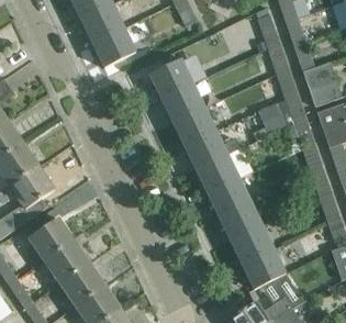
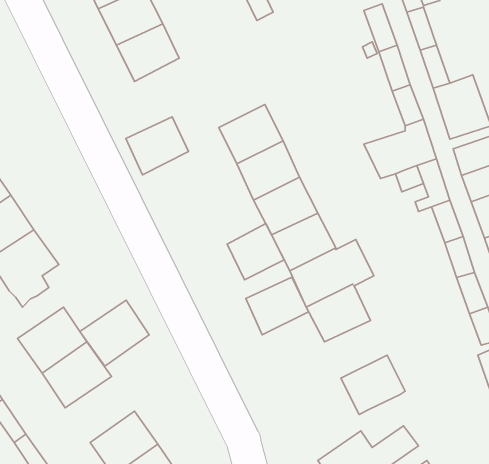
building: [149,58,191,97] -> [126,117,189,175]
building: none -> [227,224,284,280]
building: [231,225,272,264] -> [246,277,308,335]
building: [58,263,104,307] -> [80,300,149,366]

